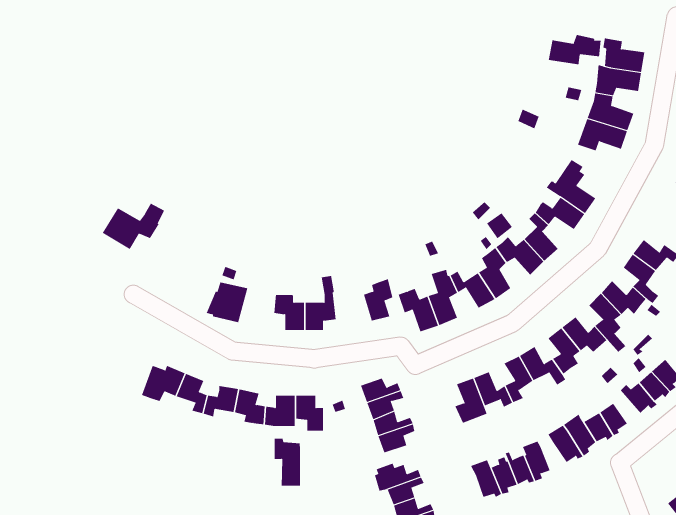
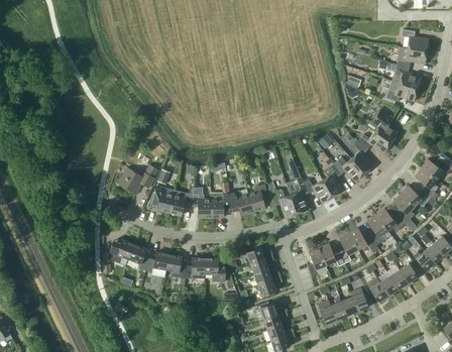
building: [548,34,601,65] -> none
building: [102,203,165,250] -> [117,164,157,195]
building: none -> [168,190,192,215]
building: none -> [229,191,253,215]
building: [274,438,301,486] -> none

